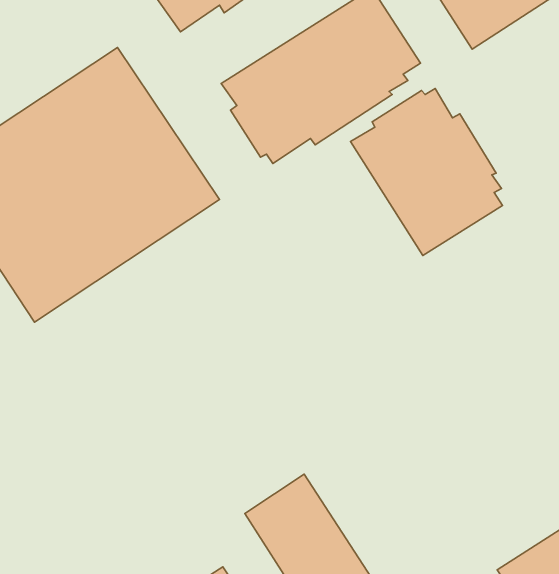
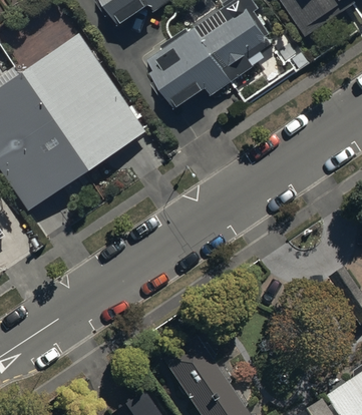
building: [350,88,503,256] -> none

